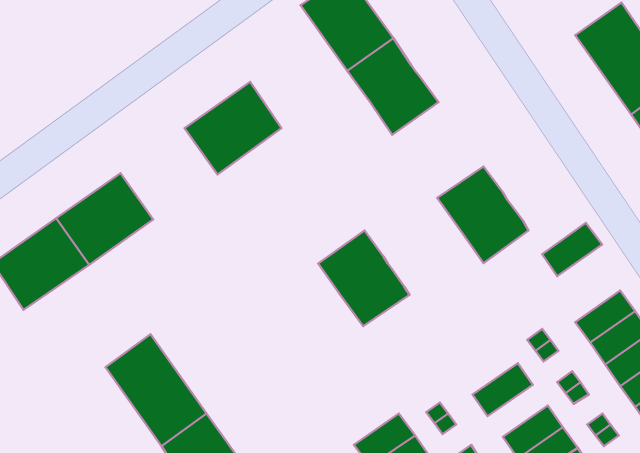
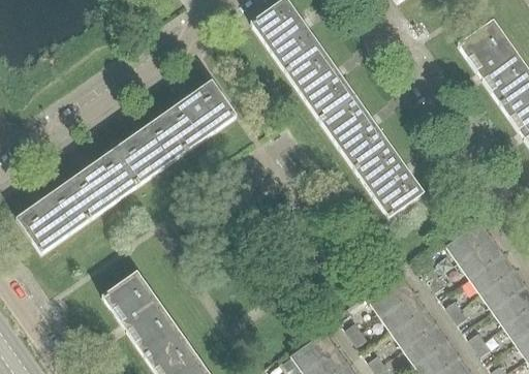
building: none -> [114,115,187,184]
building: [542,223,602,276] -> [446,221,492,261]
building: [318,231,410,326] -> [319,95,388,167]
building: none -> [369,276,414,316]
building: none -> [392,309,437,348]

